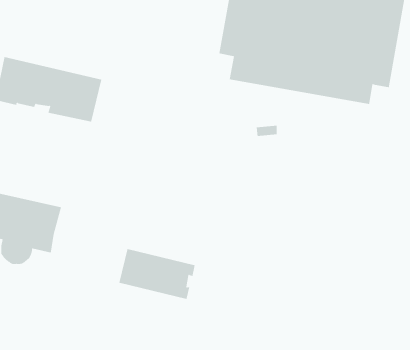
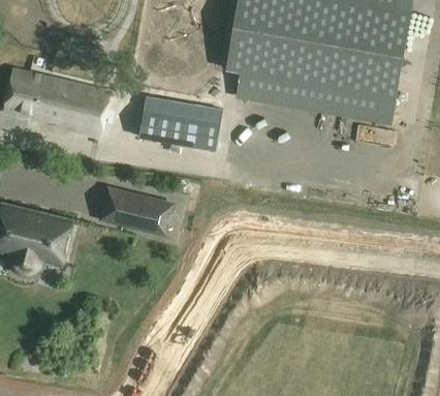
building: none -> [142,87,221,149]
building: [119,248,195,299] -> [98,186,175,237]

